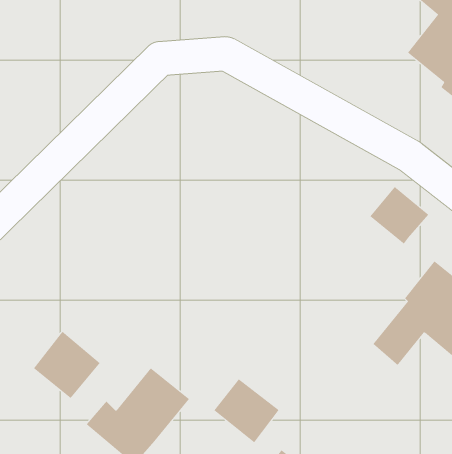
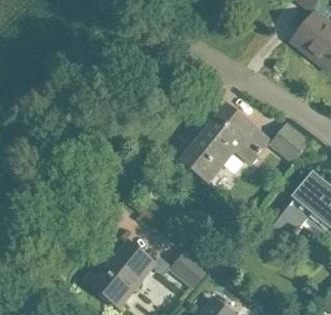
building: none -> [181,104,268,181]
building: [33,331,101,399] -> none

